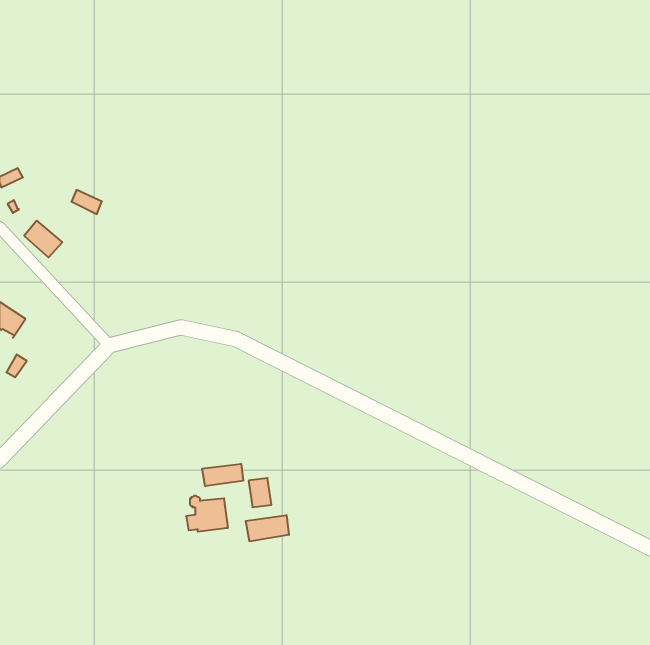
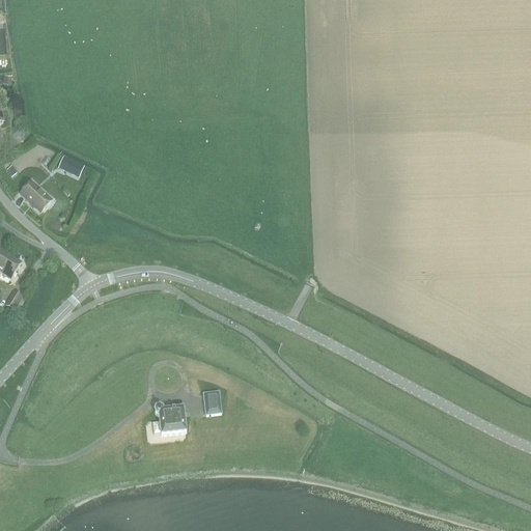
building: [202,464,243,486] -> none
building: [246,515,289,541] -> none

